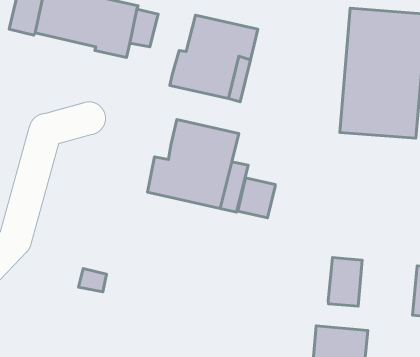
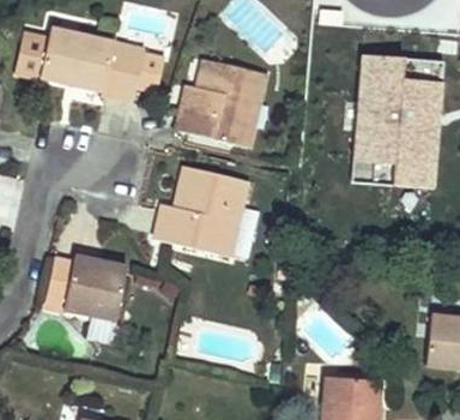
building: [238,178,275,218] -> none
building: none -> [43,251,128,320]
building: [328,258,362,306] -> none

